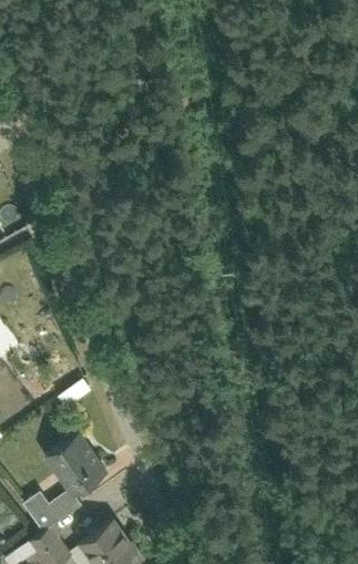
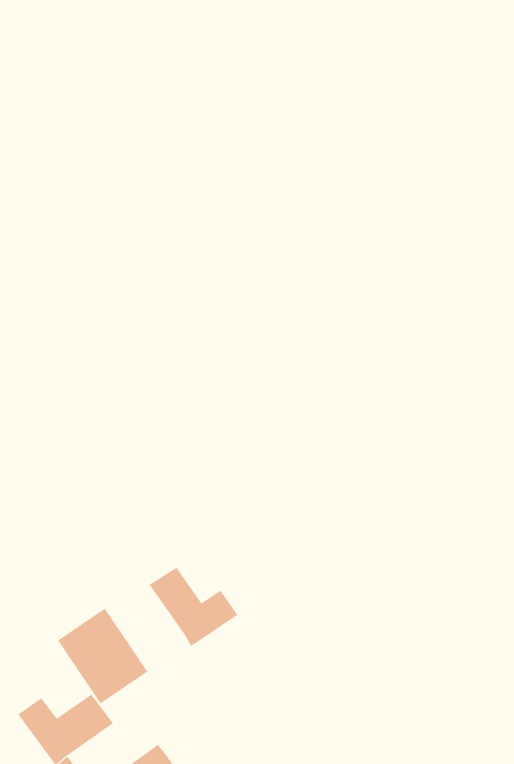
building: none -> [149,567,238,647]

